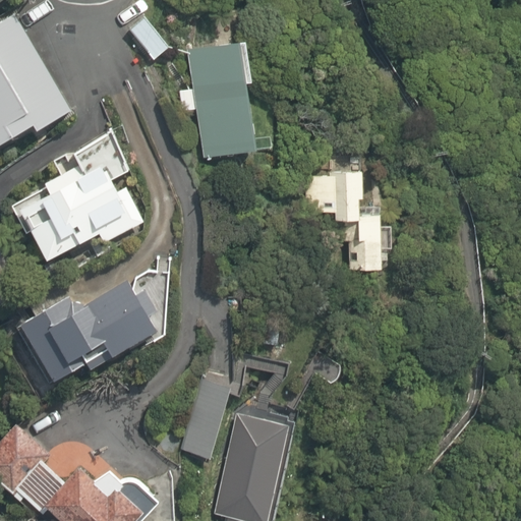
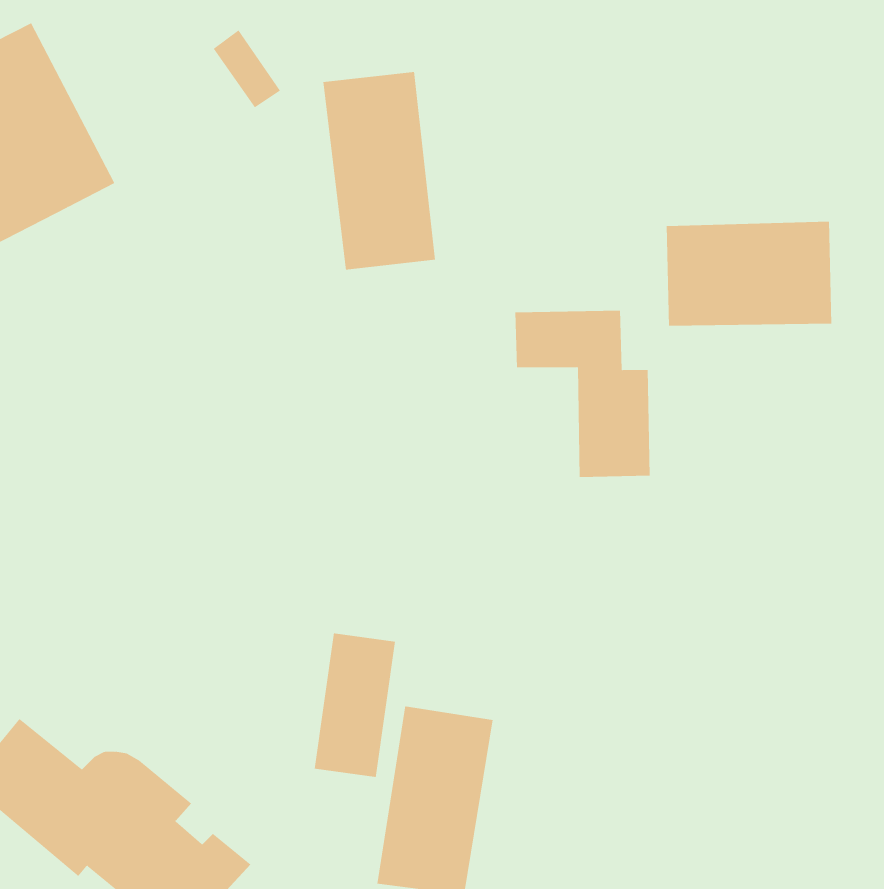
building: none -> [666,221,832,327]
building: [18,133,143,258] -> none
building: [21,274,170,383] -> none

